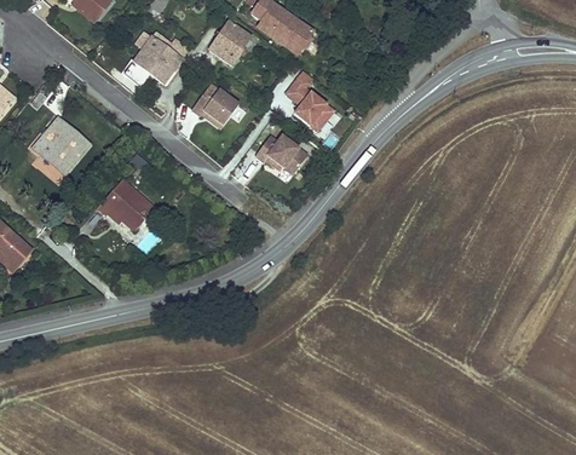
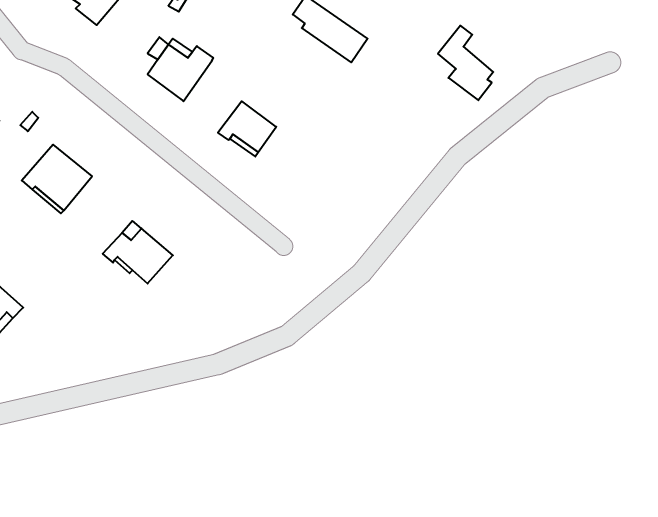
building: [209,22,250,64] -> none
building: [286,70,330,131] -> [438,26,493,100]
building: [254,136,307,175] -> none

